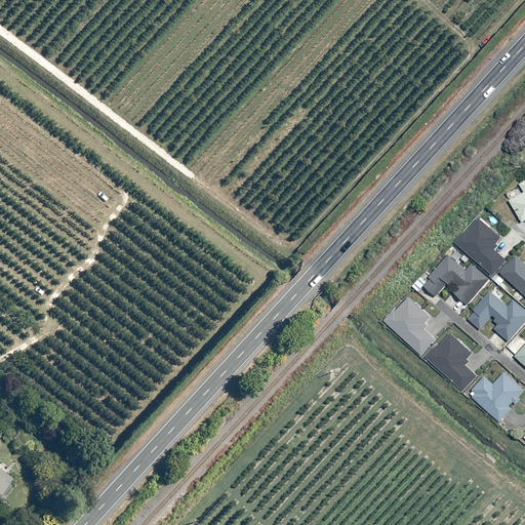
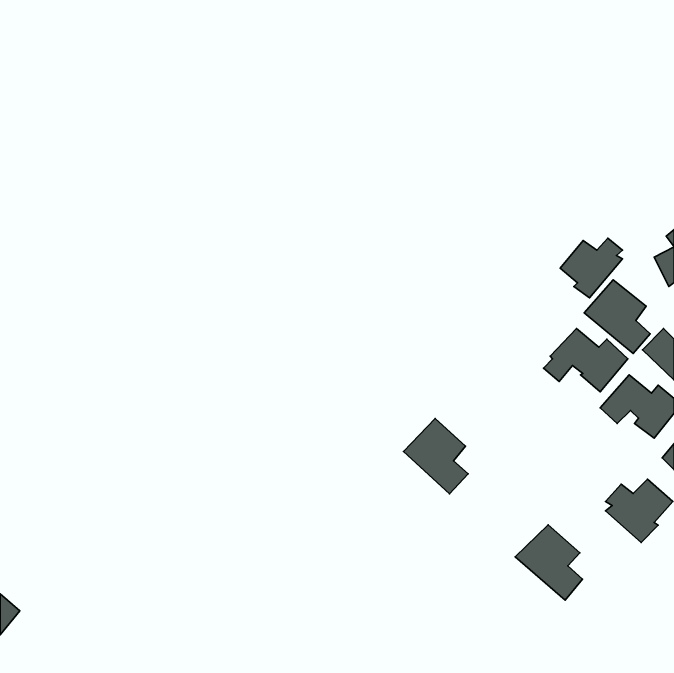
building: none -> [560,238,623,298]
building: [383,296,434,355] -> [403,419,468,494]
building: [423,333,476,392] -> [515,525,582,600]

